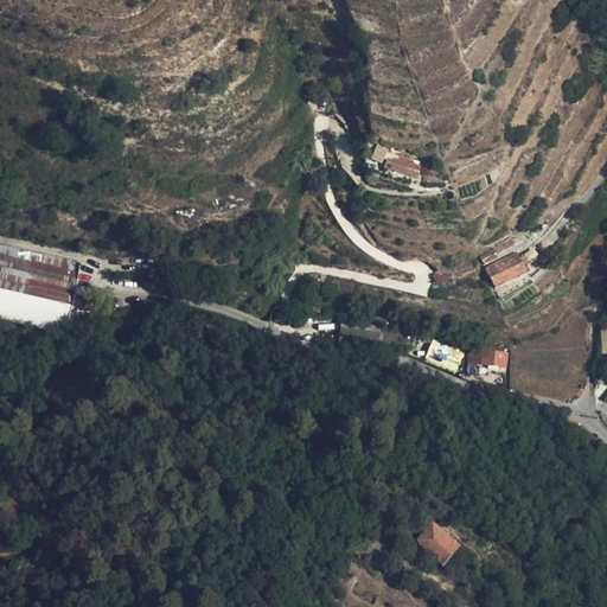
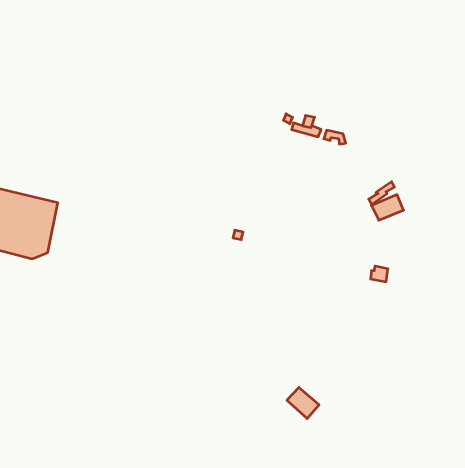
building: [418,524,460,564] -> [287,387,319,419]

